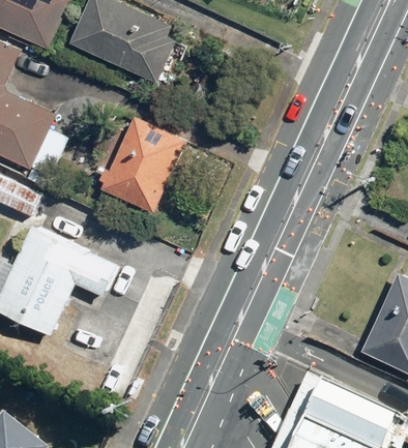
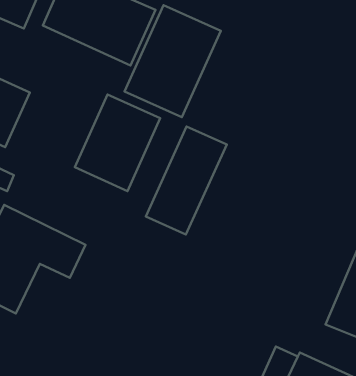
building: none -> [124,5,221,117]
building: none -> [146,126,227,235]

